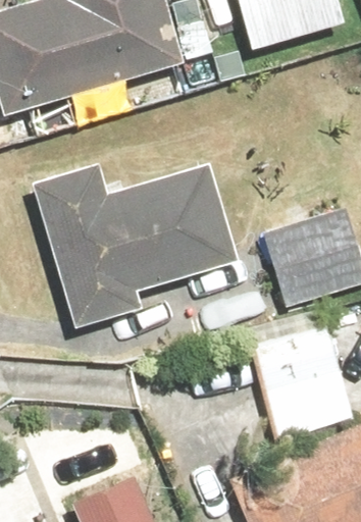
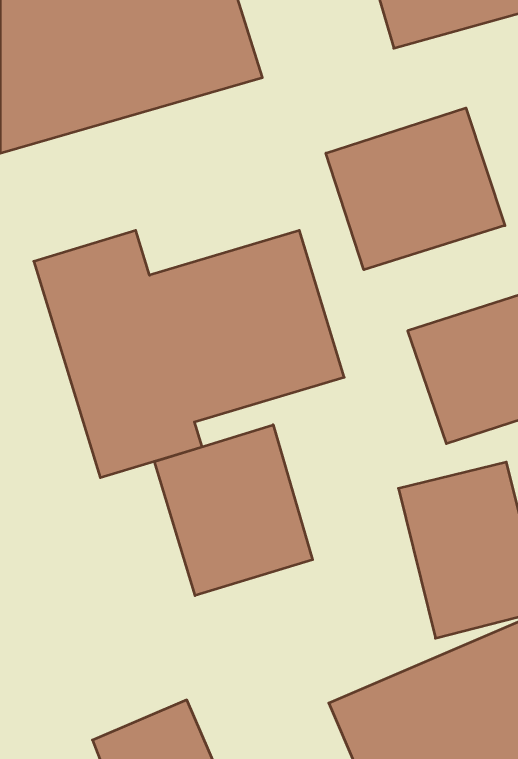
building: none -> [326,108,505,270]
building: none -> [154,425,313,596]

